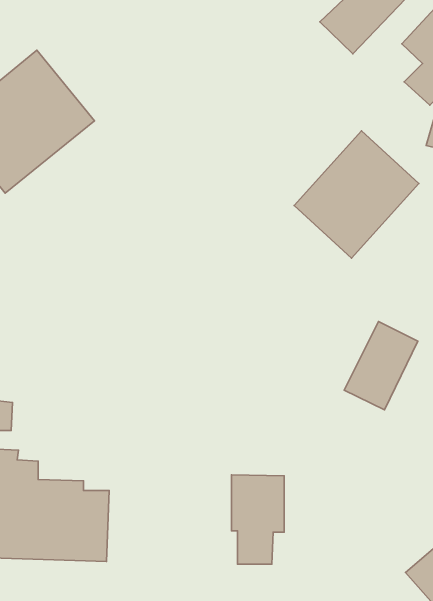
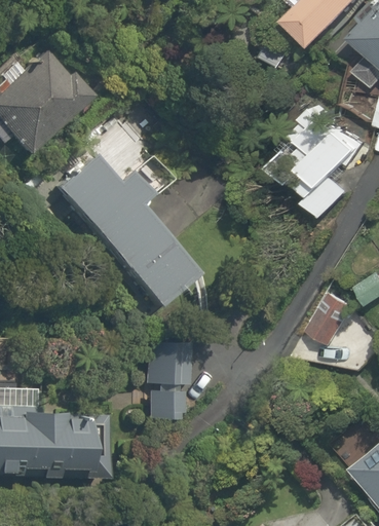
building: none -> [50,116,192,310]
building: [232,475,284,564] -> [143,341,187,416]

